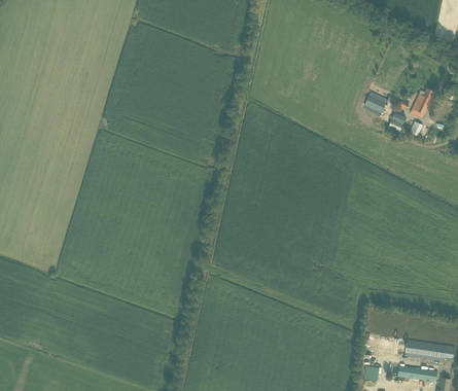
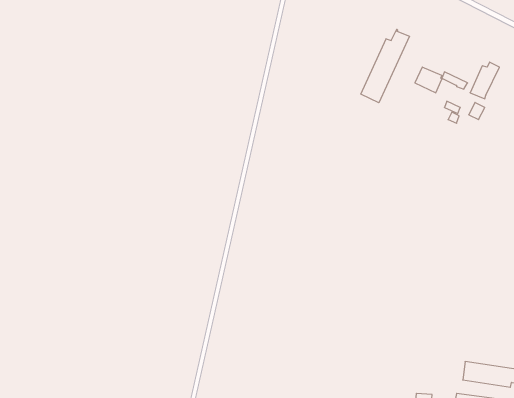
building: none -> [361,29,410,103]

